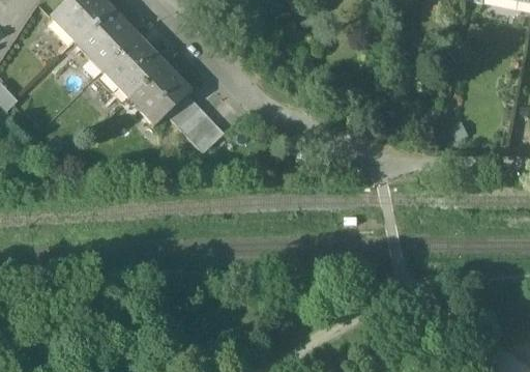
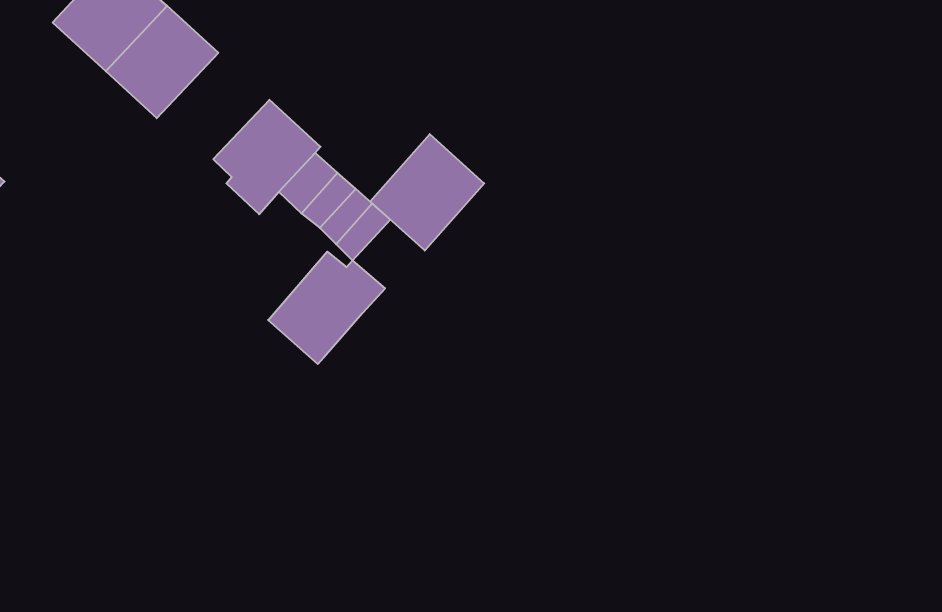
building: [104,39,165,99] -> none
building: none -> [370,134,484,251]
building: none -> [268,252,385,364]

